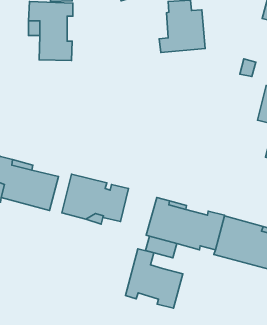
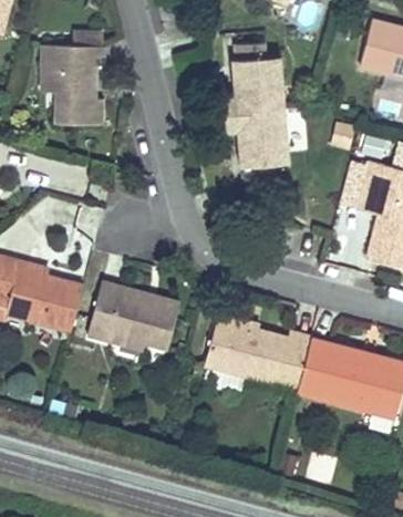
building: none -> [224,107,289,179]
building: [126,249,183,308] -> none

